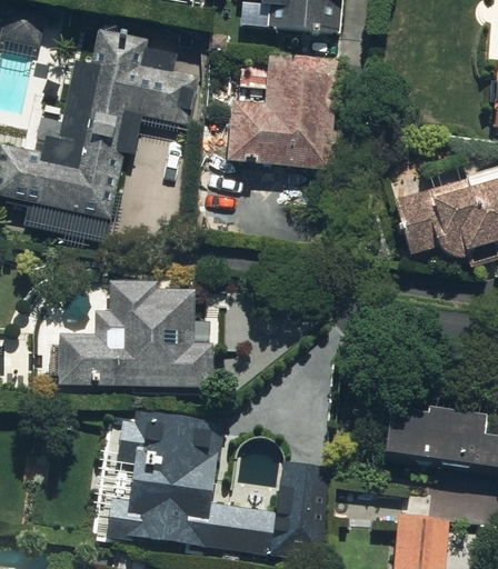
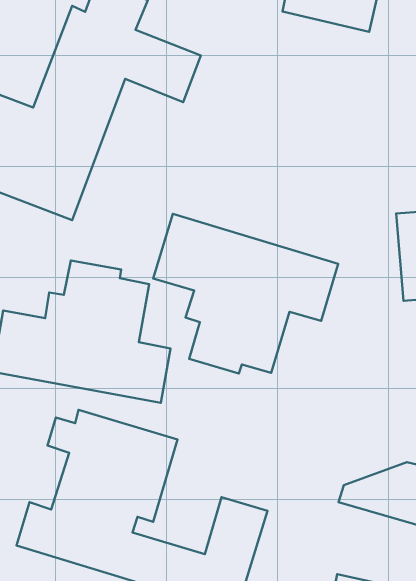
building: [231,49,338,164] -> none
building: none -> [153,214,338,374]

